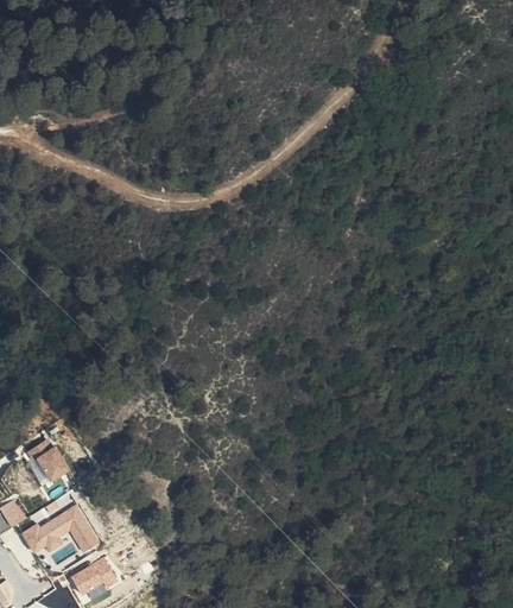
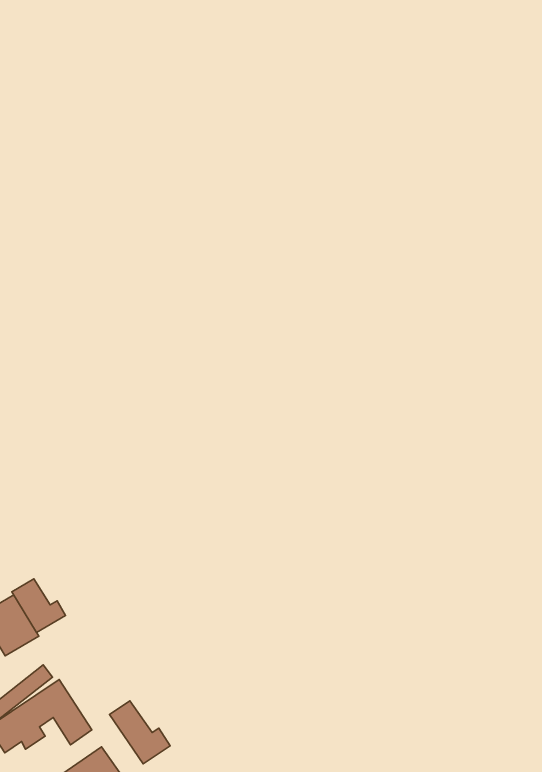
building: none -> [12,579,65,632]
building: none -> [109,701,170,764]

